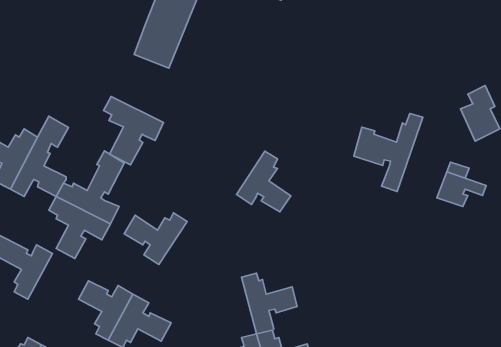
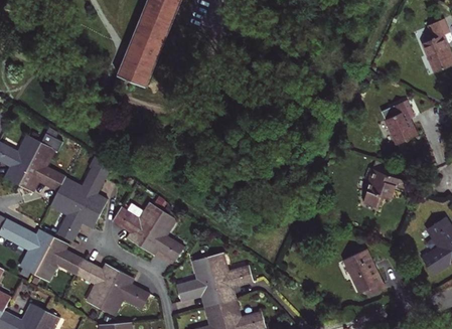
building: [104,96,163,165] -> none
building: [354,113,423,192] -> none
building: [237,151,291,212] -> [139,210,183,260]
building: none -> [32,236,82,279]
building: none -> [343,249,386,297]
building: none -> [175,256,218,306]

